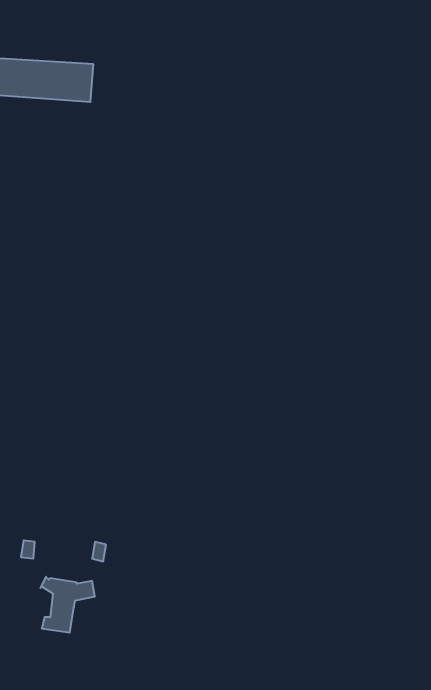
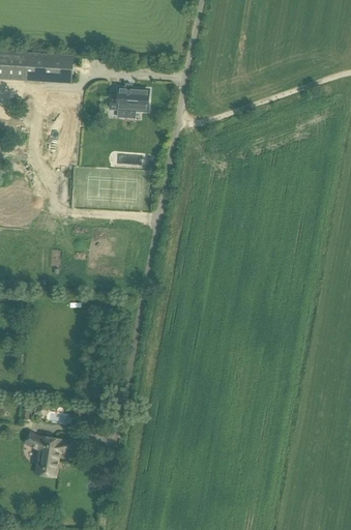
building: none -> [109,88,147,114]

